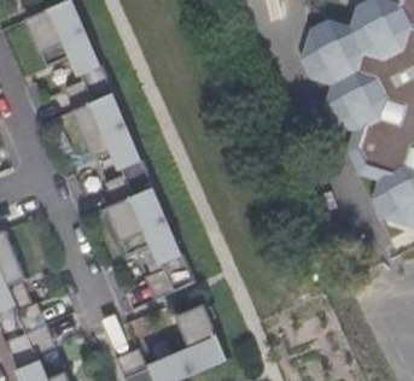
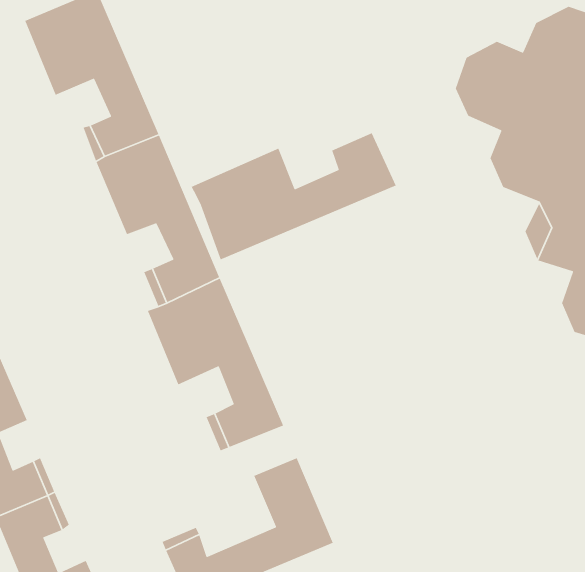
building: none -> [190,132,397,261]

